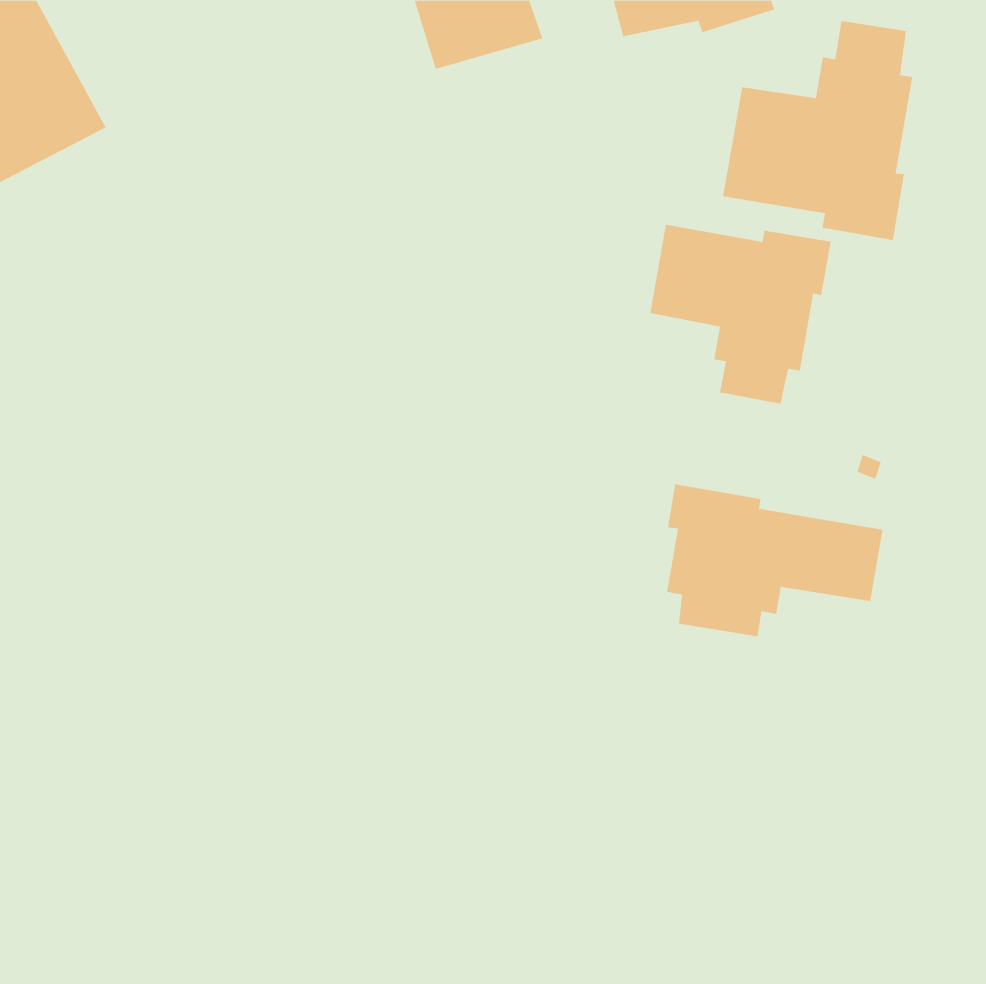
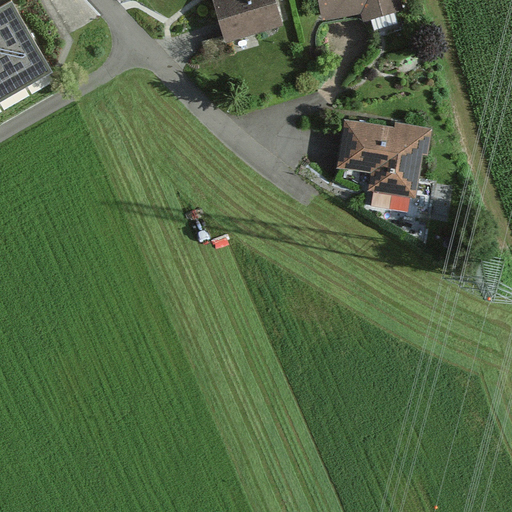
building: [723,20,913,241] -> none
building: [667,483,883,637] -> none

